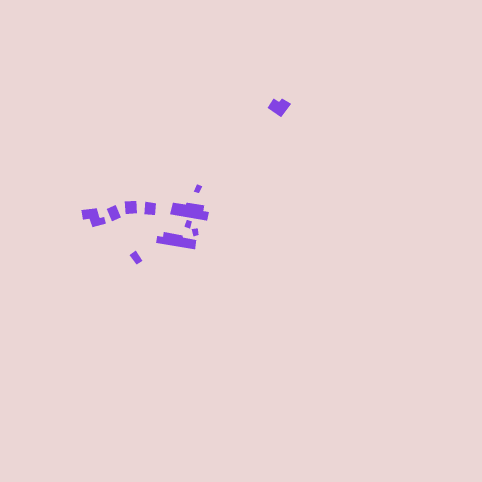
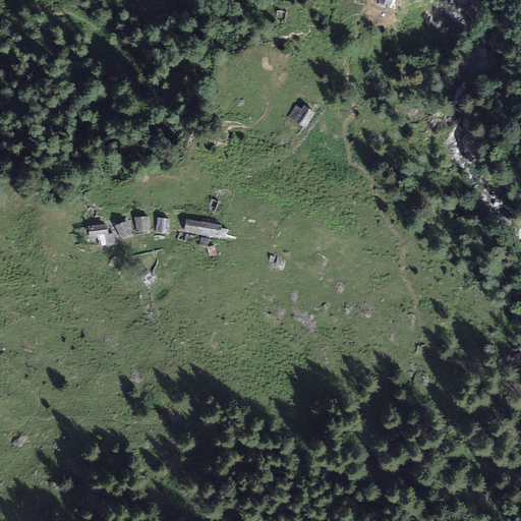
building: [156,231,197,250] -> none

